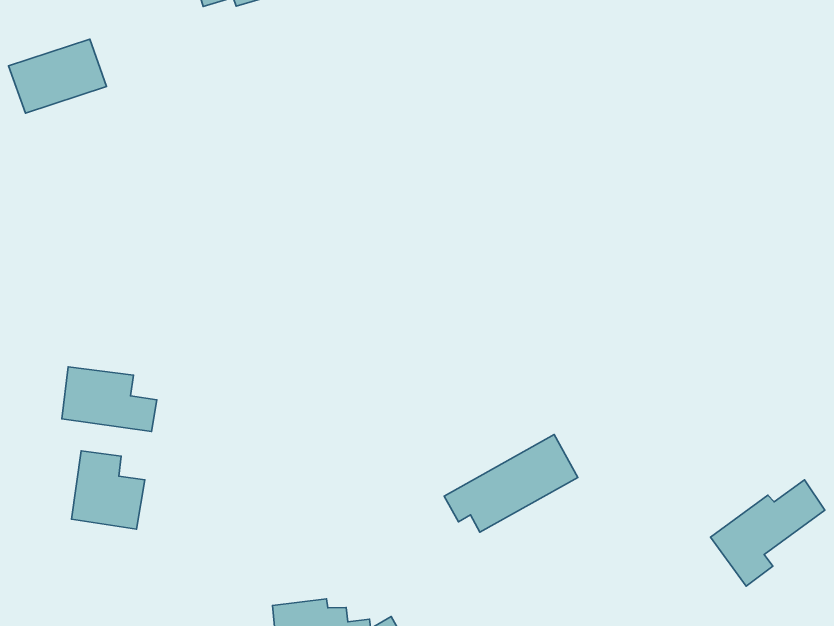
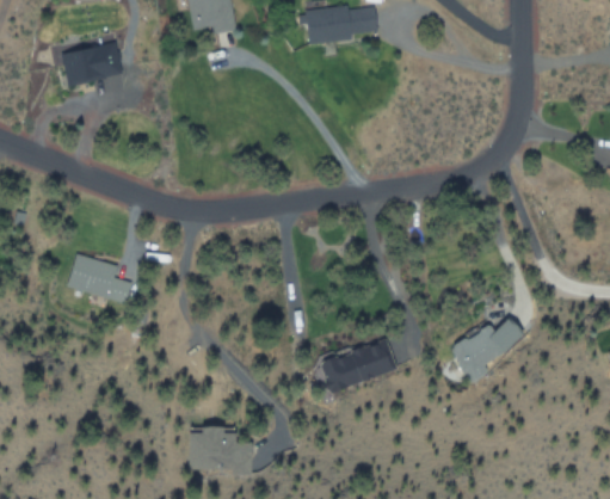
building: [72,451,145,529] -> none
building: [711,480,825,586] -> [450,318,526,382]

